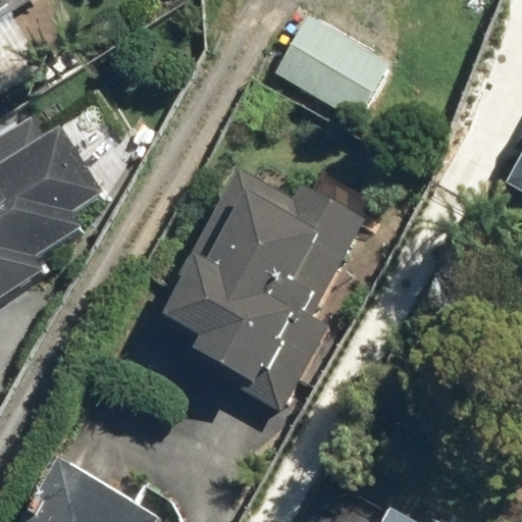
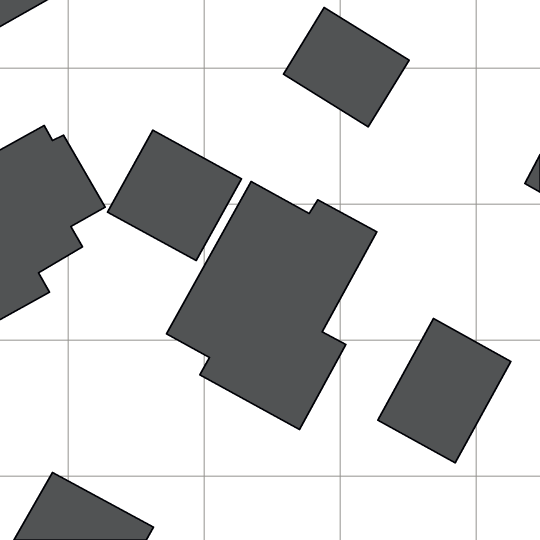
building: none -> [108,130,241,261]
building: none -> [378,319,511,463]

